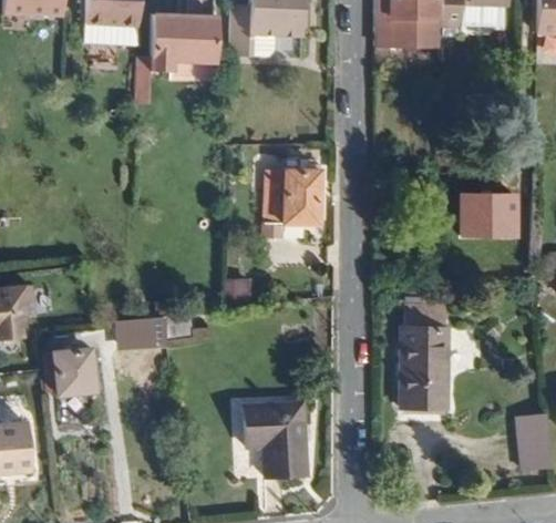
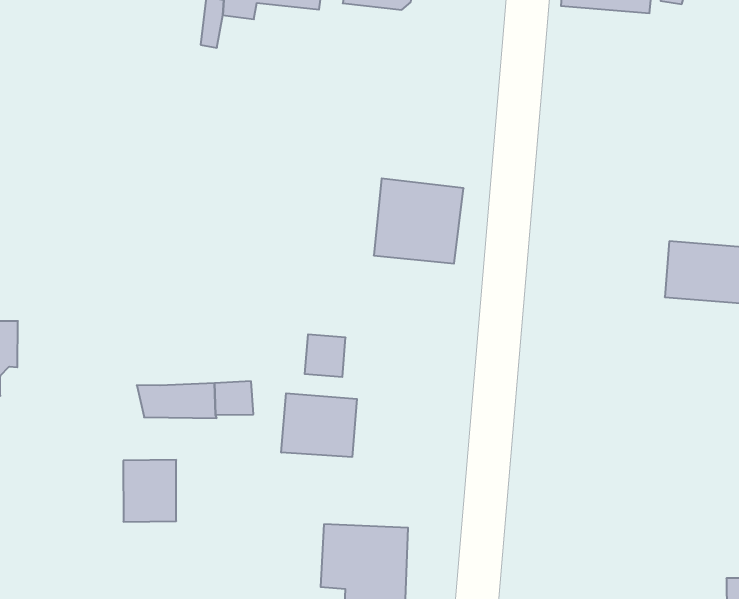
building: [403,305,449,407] -> none
building: none -> [281,393,357,457]
building: [55,349,94,393] -> [123,460,176,522]

